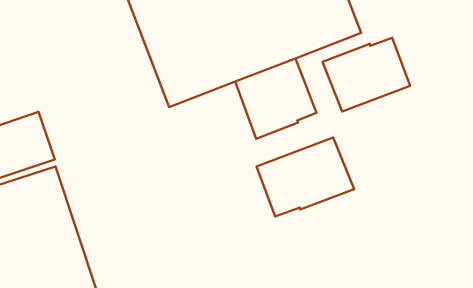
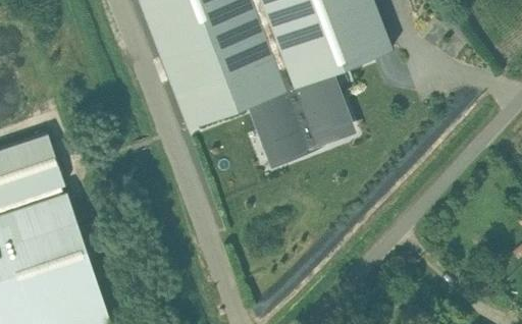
building: [322,38,410,112] -> none
building: [256,137,354,217] -> none

